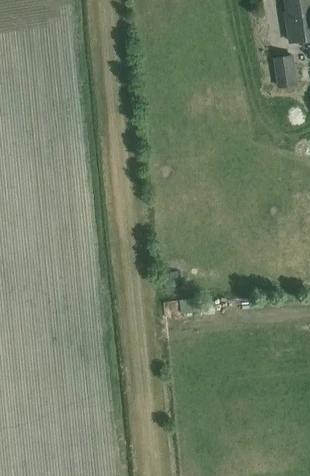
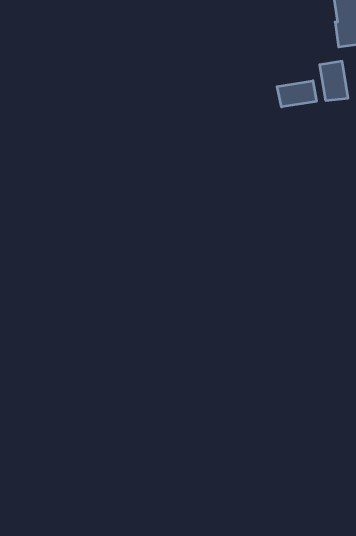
building: none -> [277,81,316,107]

